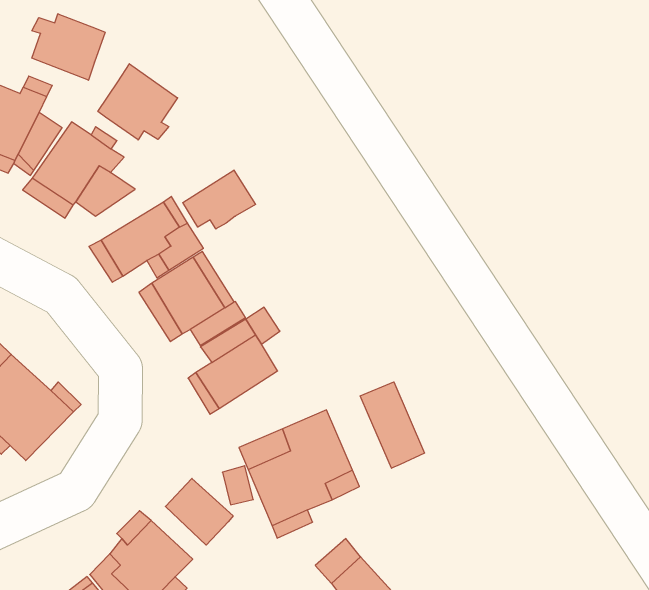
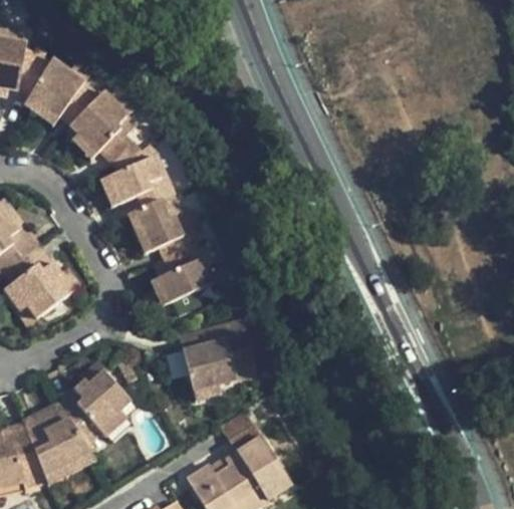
building: [32,14,105,80] -> none
building: [98,64,178,140] -> none
building: [183,170,256,229] -> none
building: [360,382,424,468] -> none
building: [165,478,233,545] -> none

